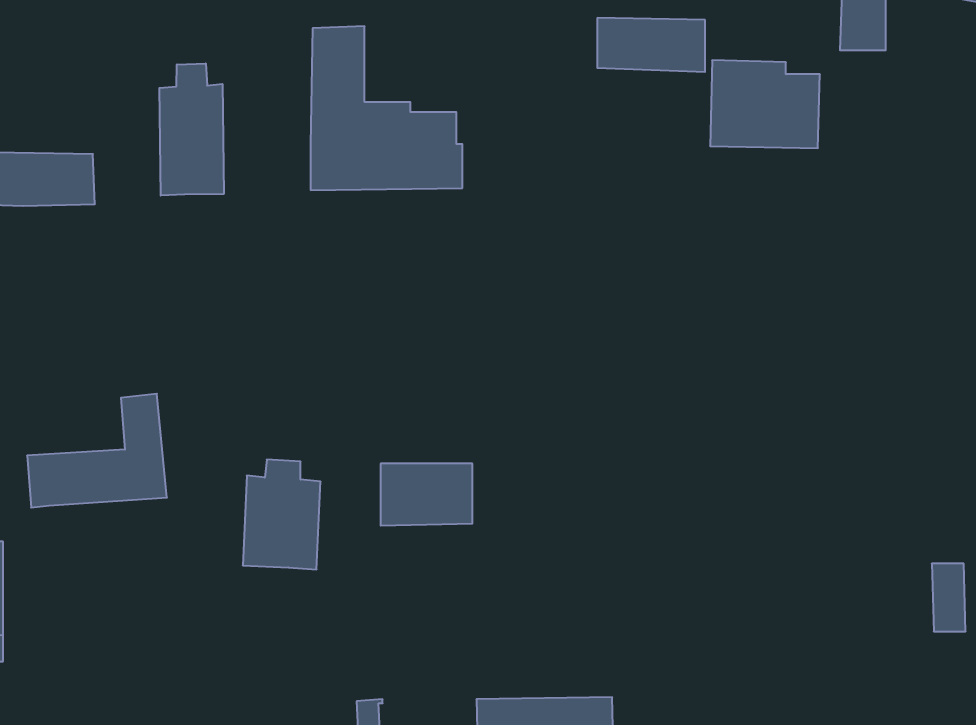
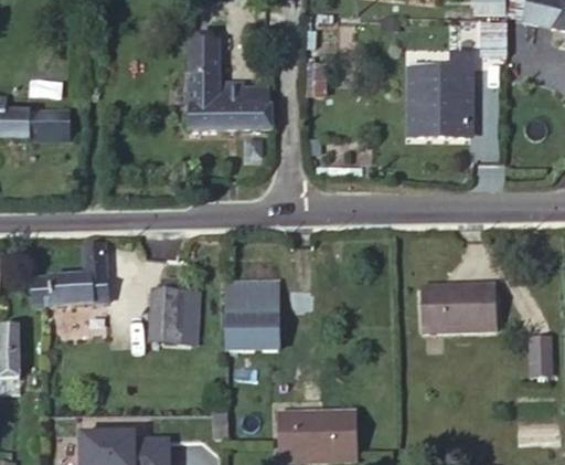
building: [597,18,705,72] -> [409,106,469,136]
building: [159,63,224,196] -> none
building: none -> [422,283,497,331]
building: none -> [227,315,278,349]

